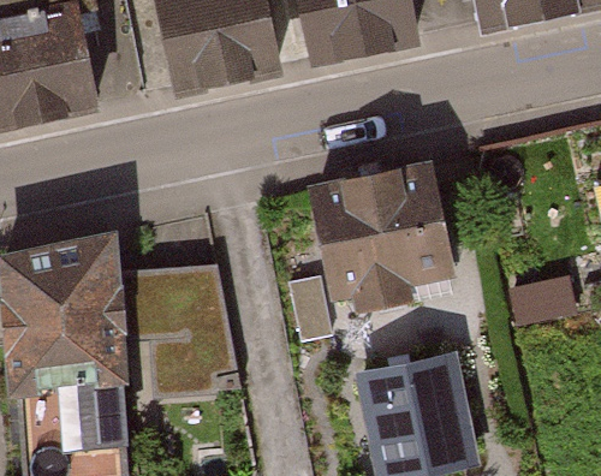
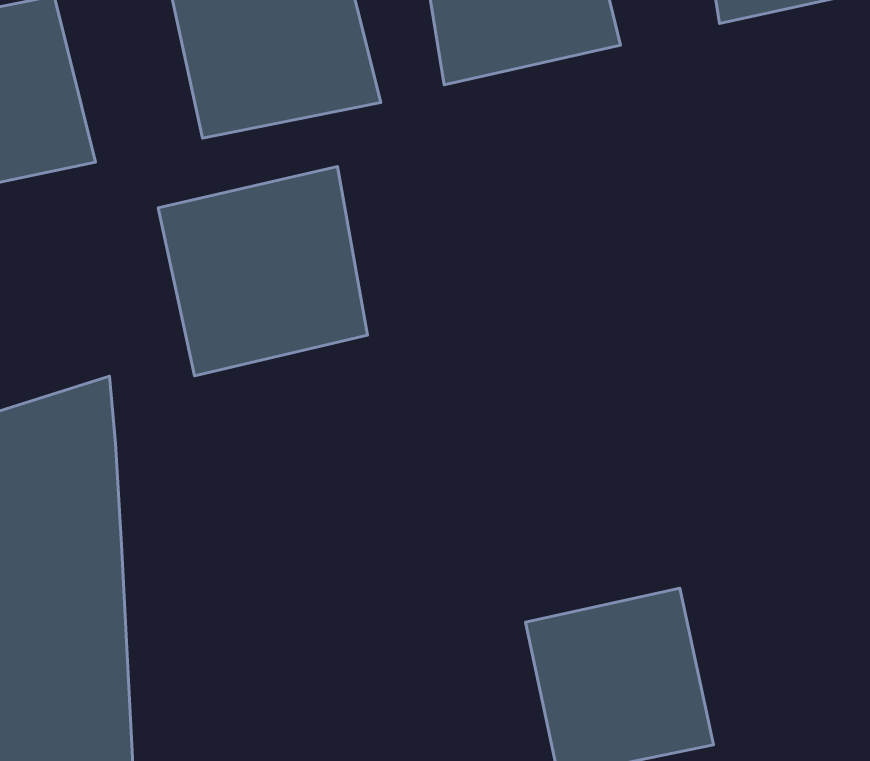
building: none -> [158,166,368,376]
building: [307,169,448,313] -> none
building: [113,263,242,392] -> none

